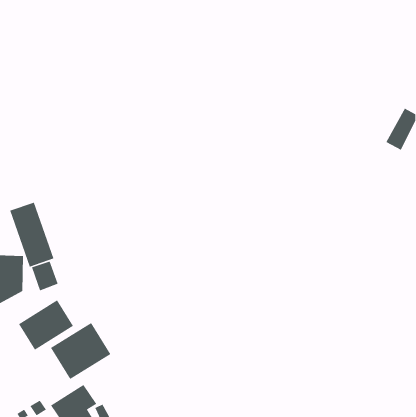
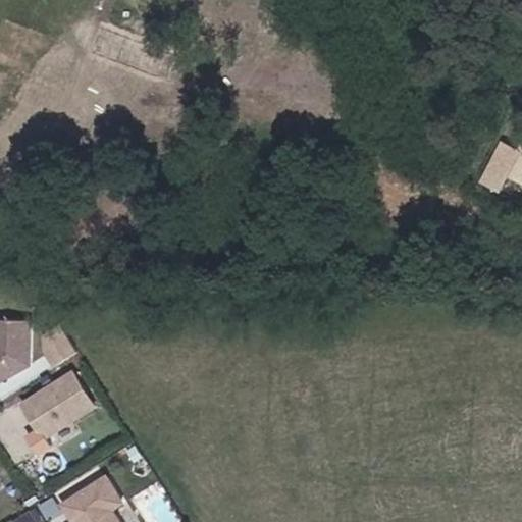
building: [10,202,54,267] -> none
building: [50,322,111,380] -> none

